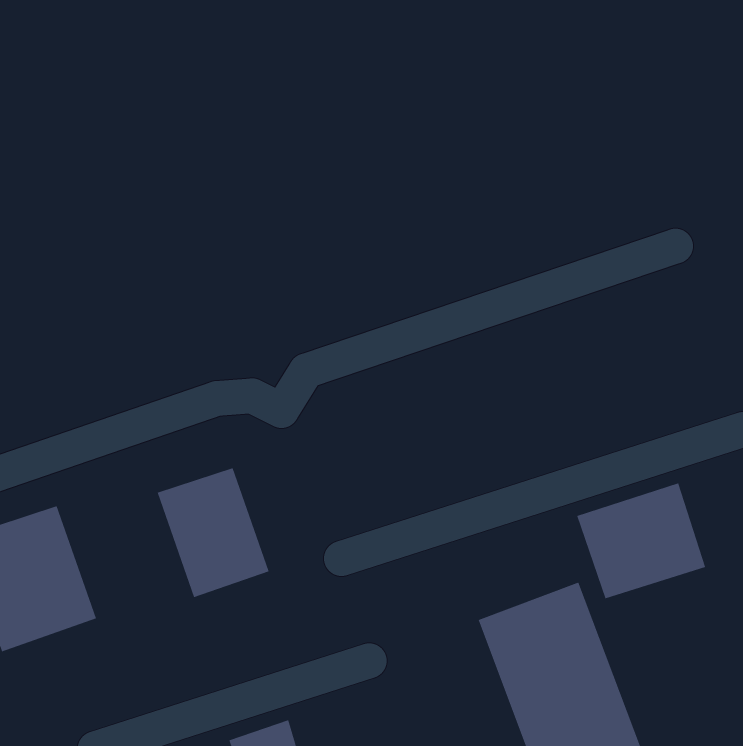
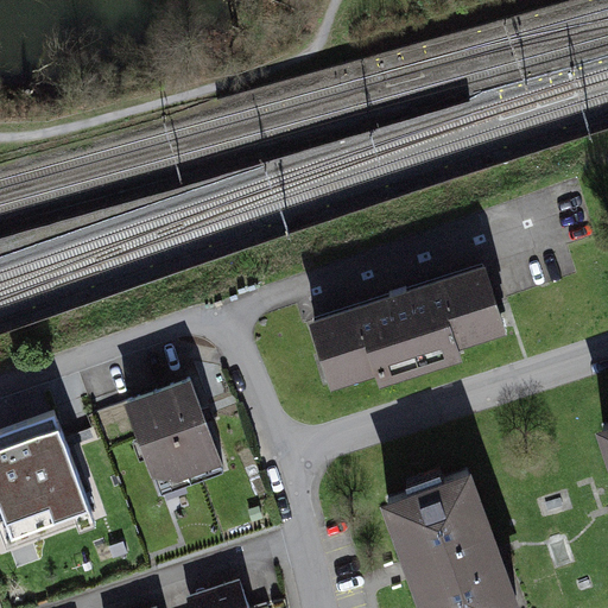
building: none -> [310,267,504,386]
building: [577,483,706,599] -> none

